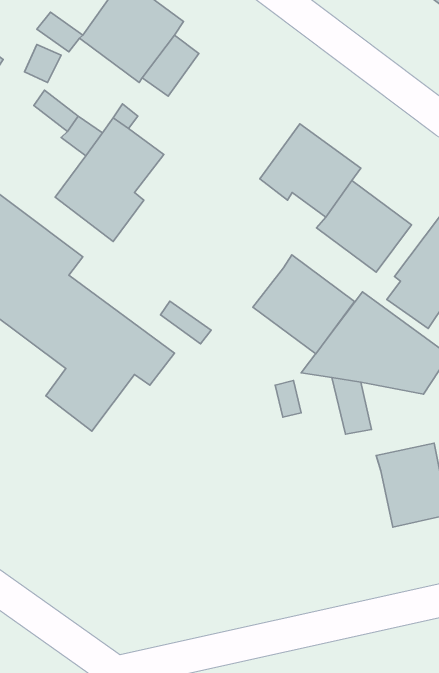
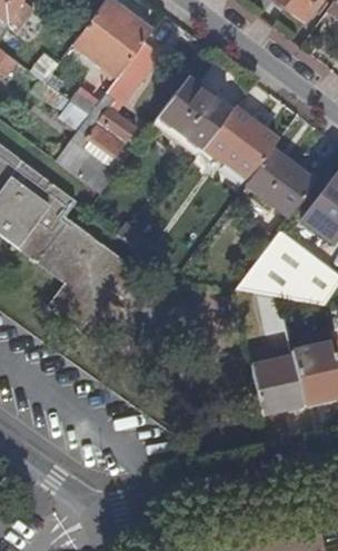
building: none -> [158,78,230,148]
building: [253,255,355,354] -> none
building: none -> [252,360,302,411]

